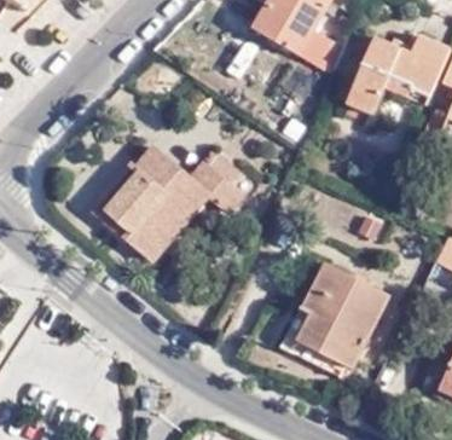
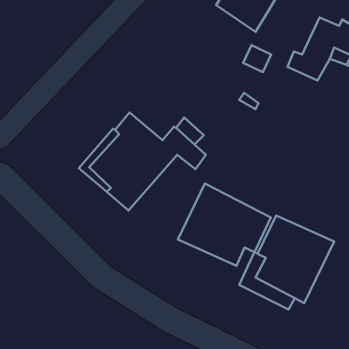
building: [300,25,344,73] -> none
building: none -> [178,184,271,266]

